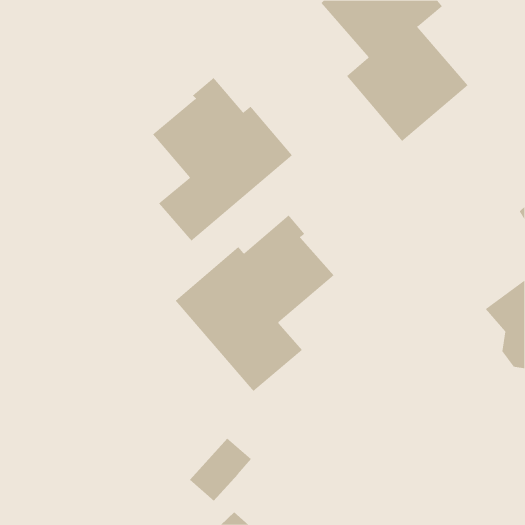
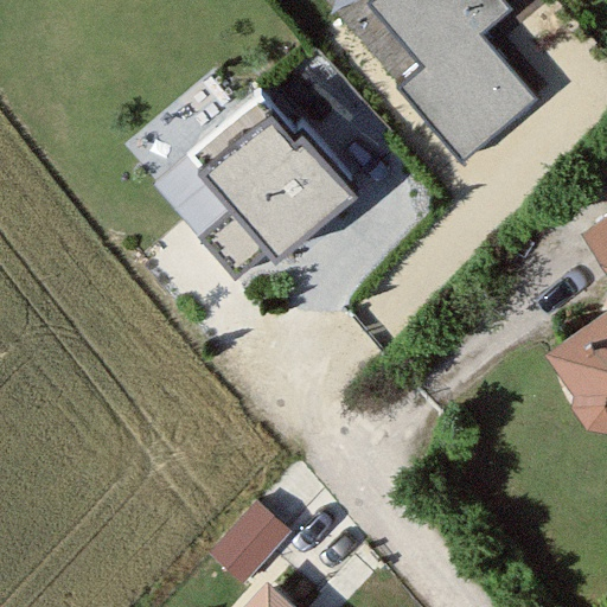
building: [175,214,334,392] -> none

